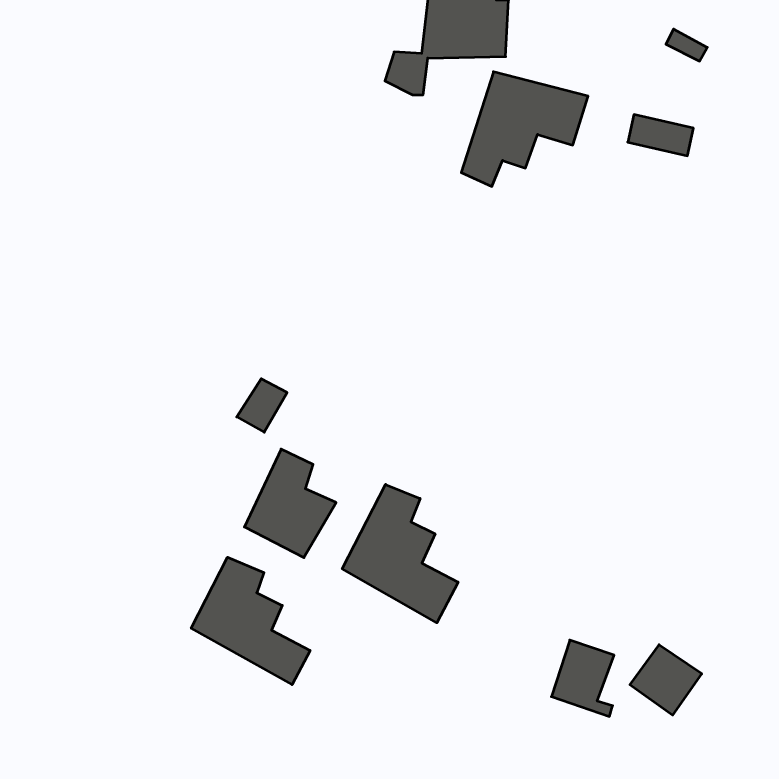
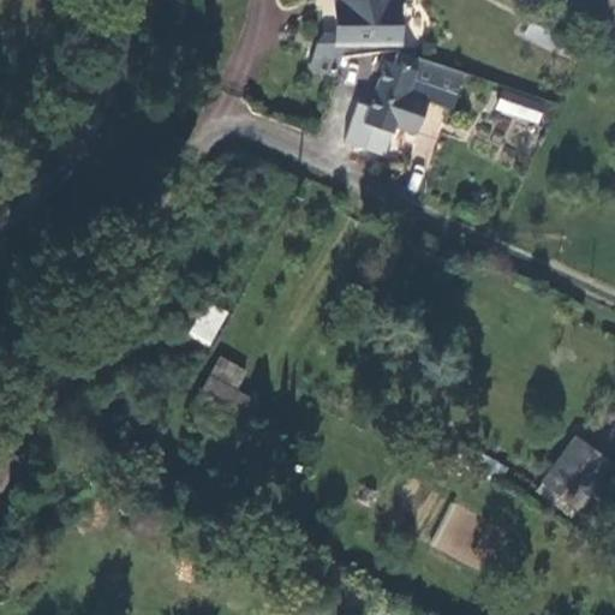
building: [342,484,458,623] -> none
building: [191,557,310,685] -> none
building: [630,645,702,715] -> [547,442,603,497]

